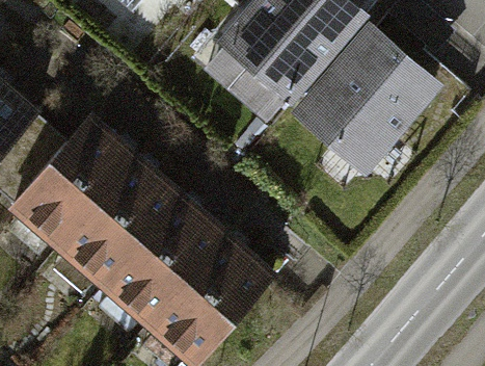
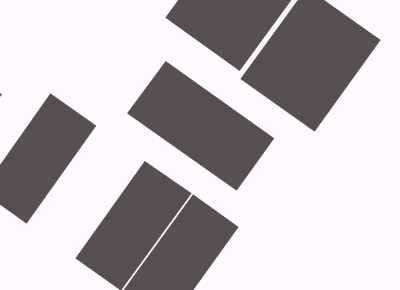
building: none -> [126,60,275,192]
building: [53,151,183,289] -> none

